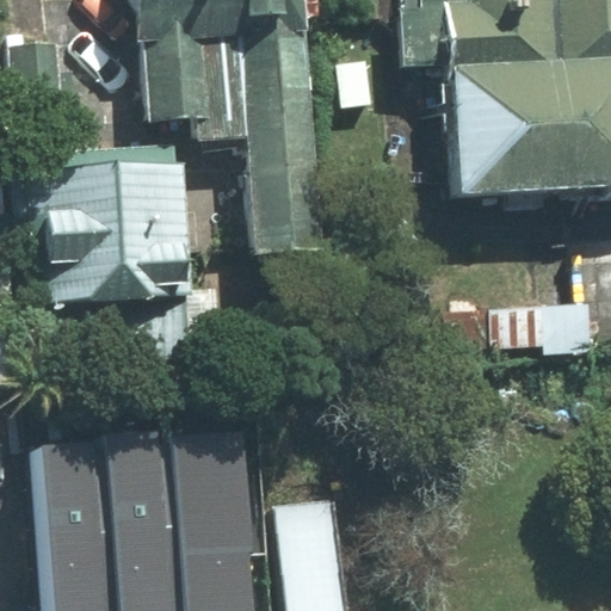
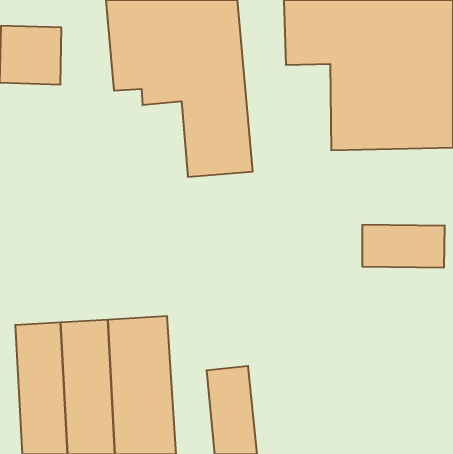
building: [54,141,221,383] -> none

